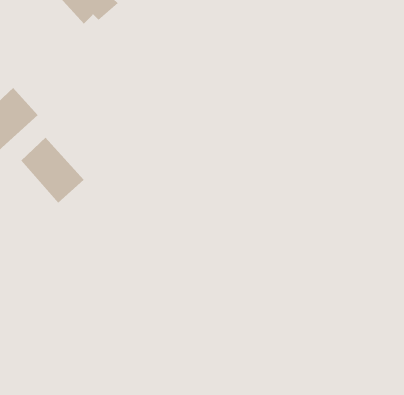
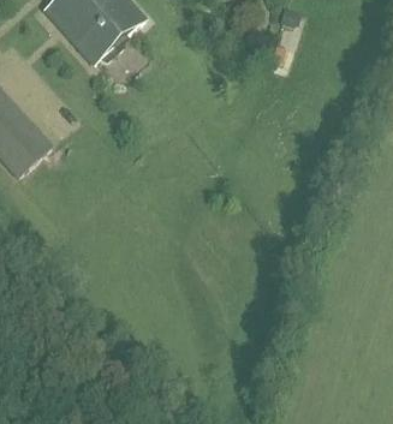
building: [21,137,84,204] -> none

